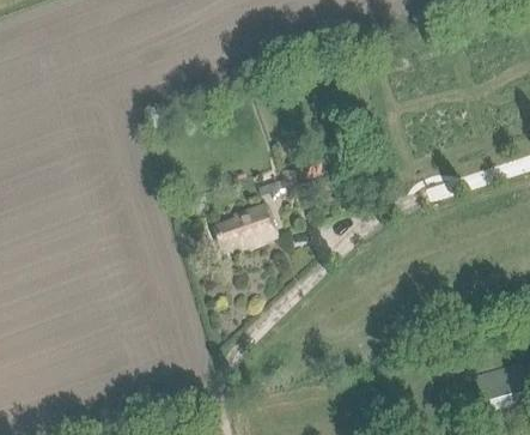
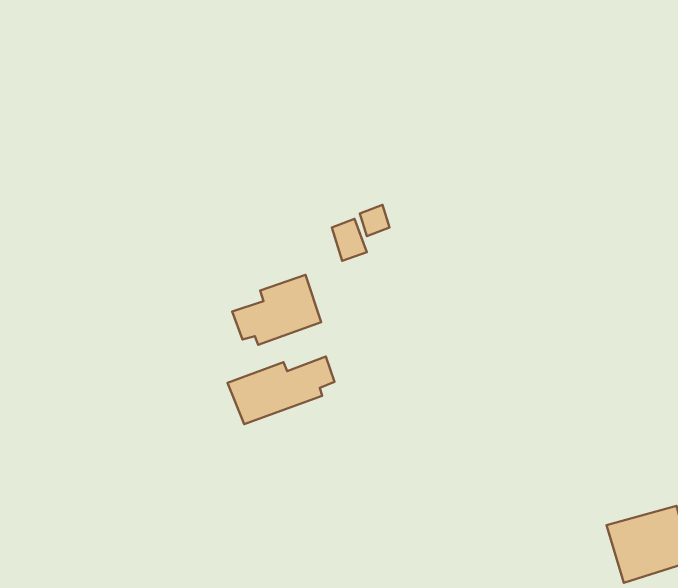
building: none -> [228,356,334,424]

